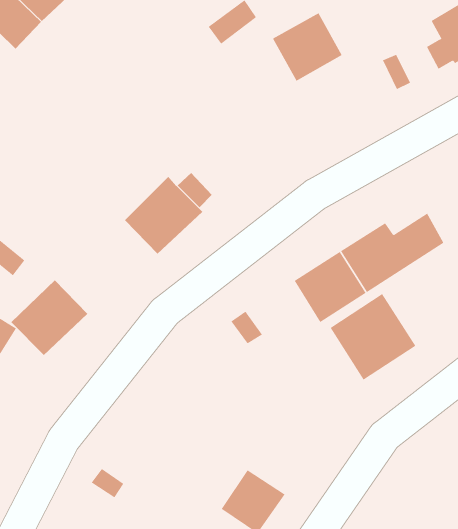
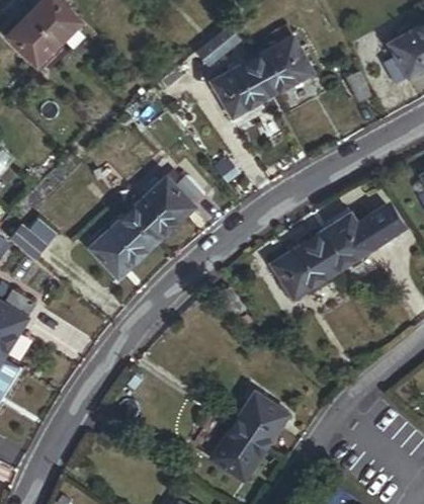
building: none -> [214,59,274,117]
building: [11,279,88,356] -> [91,213,157,277]
building: [330,293,416,380] -> none
building: none -> [233,393,286,445]

